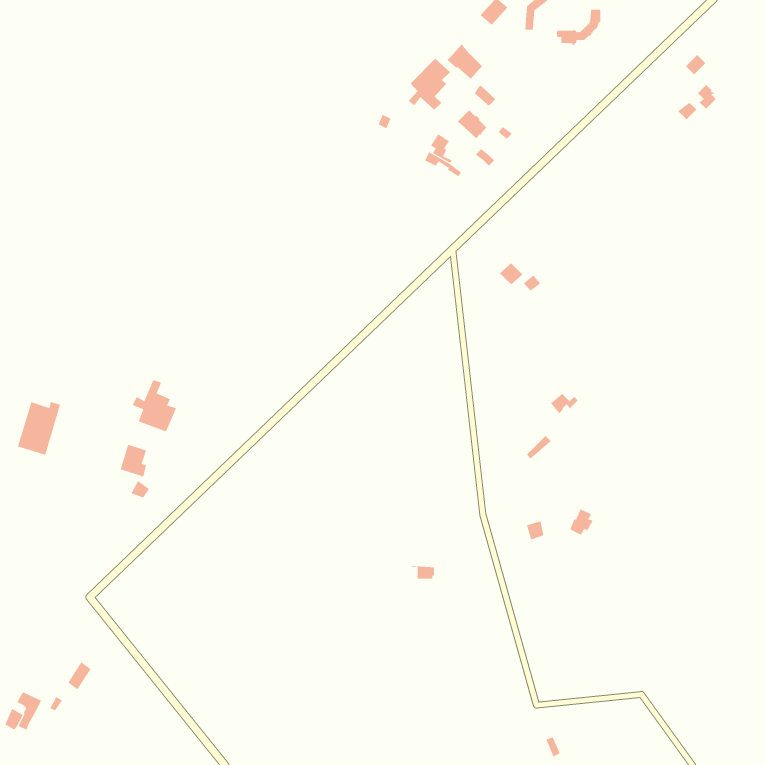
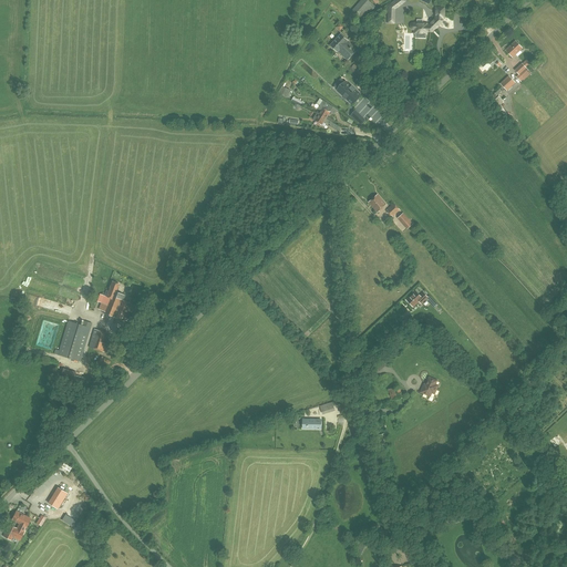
building: [408,58,451,111] -> none
building: [17,401,61,455] -> [59,320,91,360]

